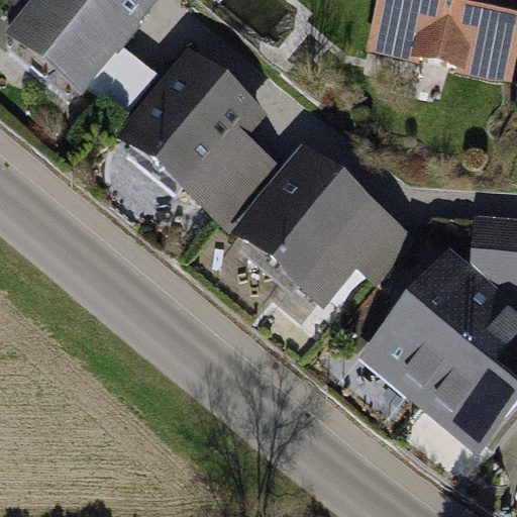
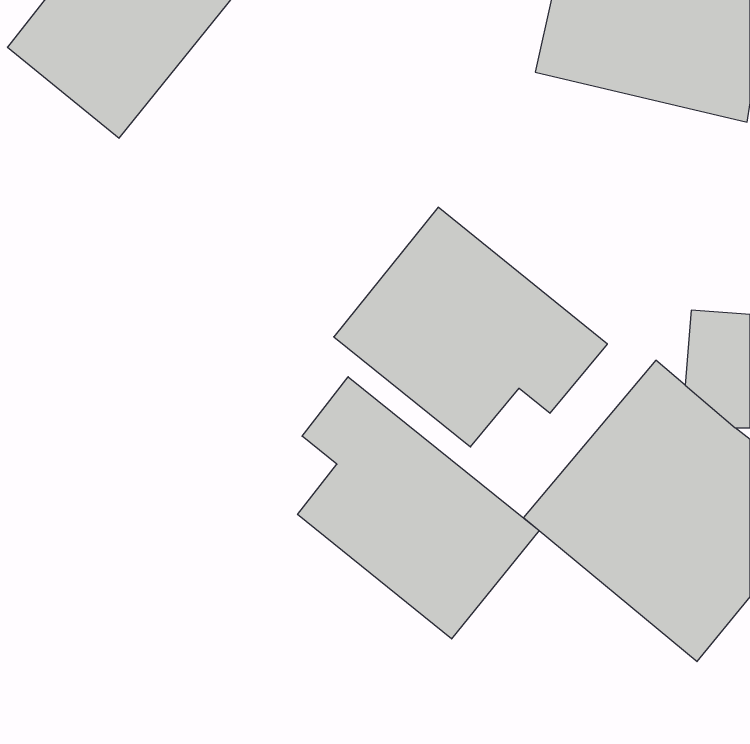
building: [115,45,280,226] -> none
building: none -> [298,377,539,639]

